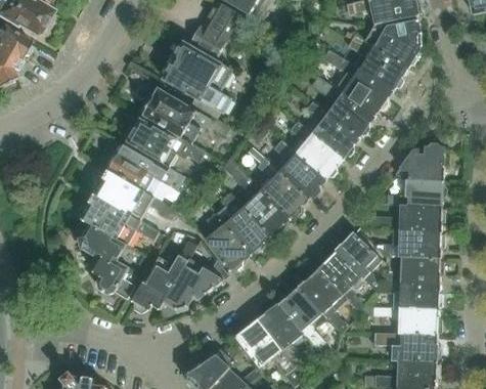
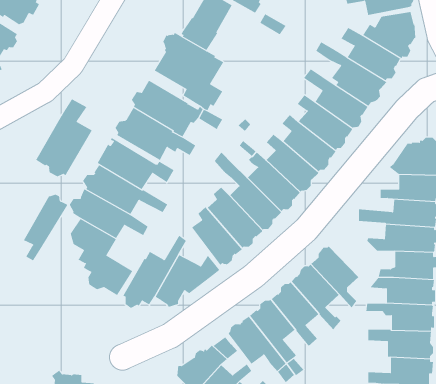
building: none -> [35,98,92,177]
building: none -> [23,194,69,261]
building: [335,232,381,292] -> none

